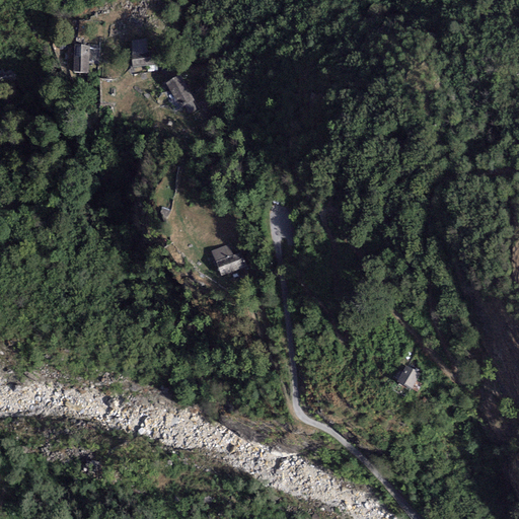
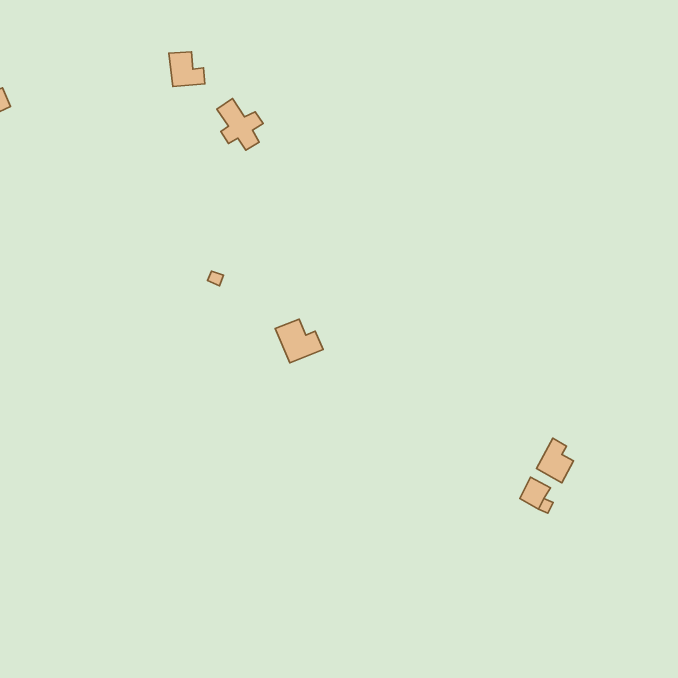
building: [72,45,88,71] -> none
building: none -> [537,438,573,483]

